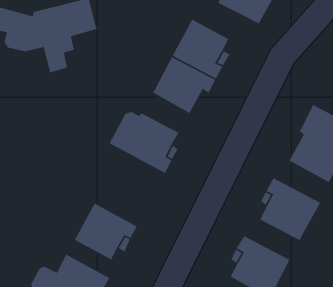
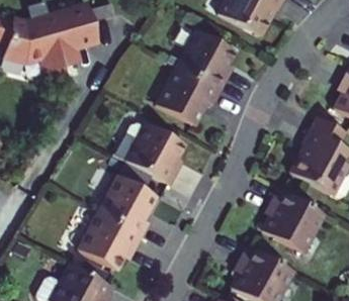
building: none -> [98,175,155,235]

